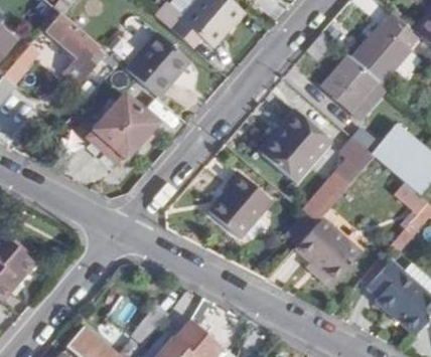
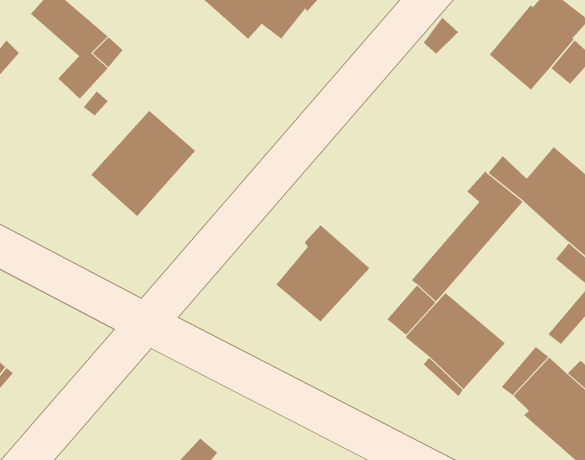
building: [125,33,189,98] -> none
building: [321,53,385,117] -> none
building: [260,110,327,179] -> none

